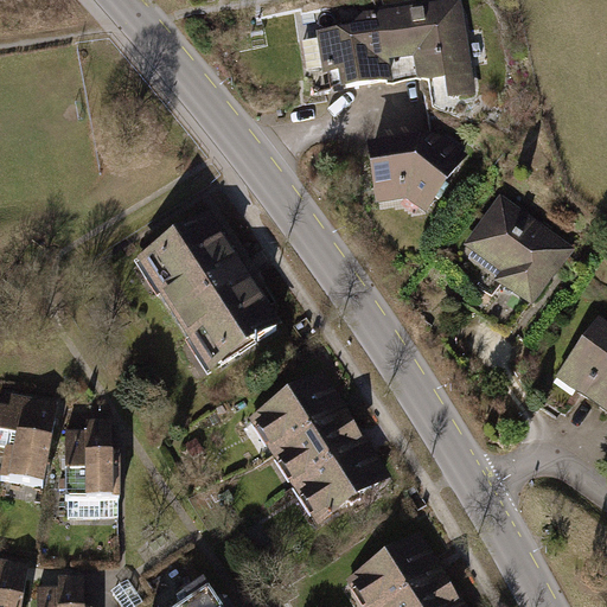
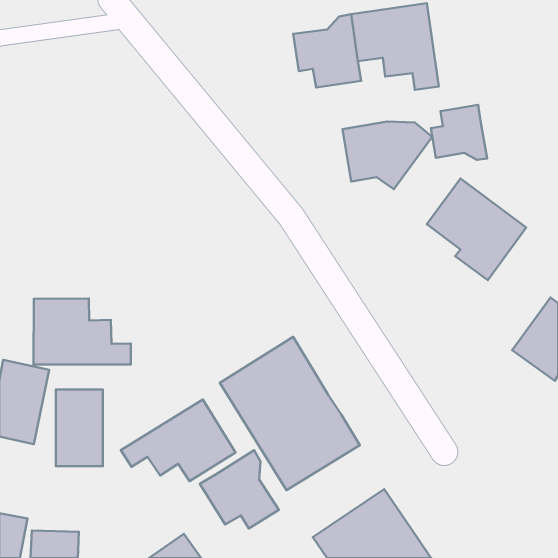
building: none -> [431,105,487,160]
building: [129,207,283,377] -> none
building: none -> [34,298,131,365]
building: none -> [121,399,236,481]
building: none -> [200,450,279,529]

